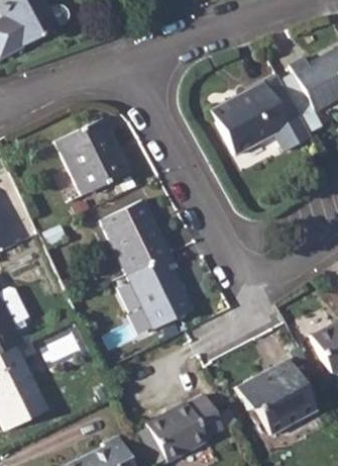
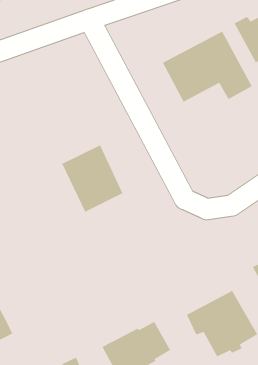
building: [55,118,130,196] -> none
building: [127,254,191,330] -> none

